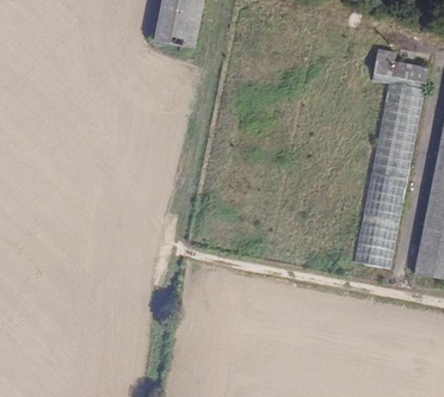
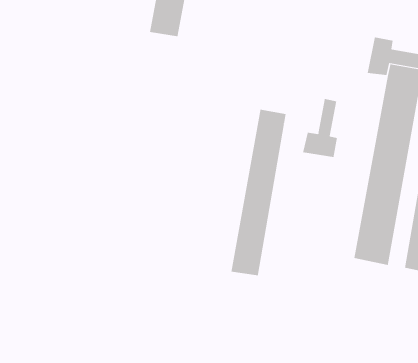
building: none -> [302,98,337,158]
building: none -> [231,109,286,276]

